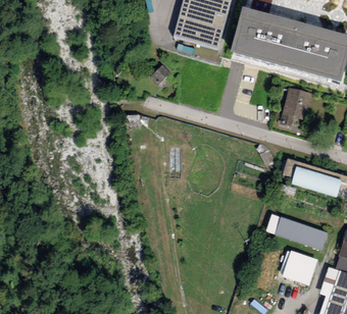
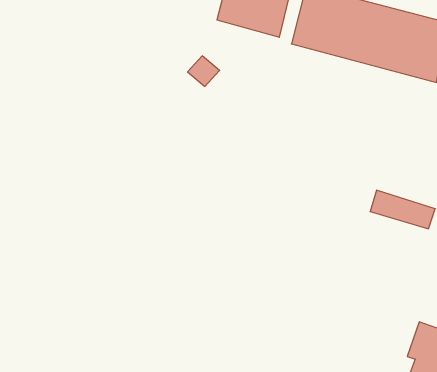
building: [280,88,311,123] -> none
building: [265,212,328,249] -> none
building: [280,247,318,284] -> none

